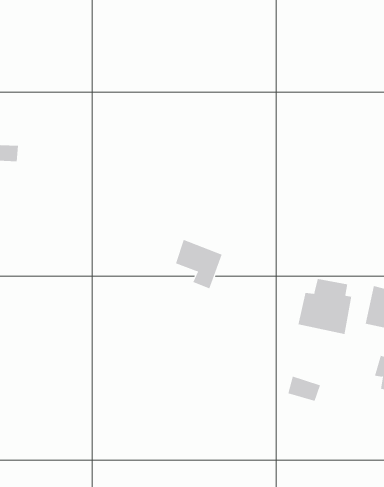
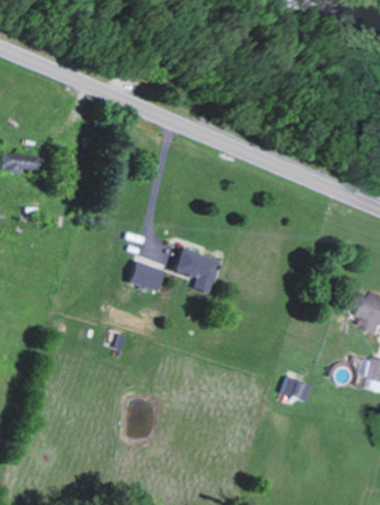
building: none -> [128,262,162,290]
building: [298,278,352,335] -> none

